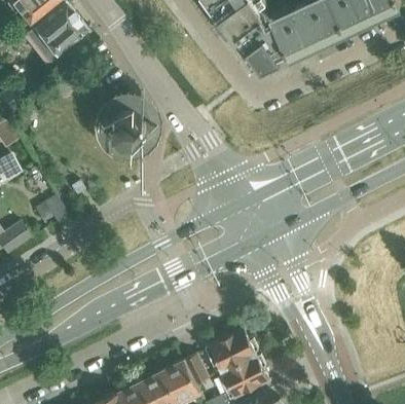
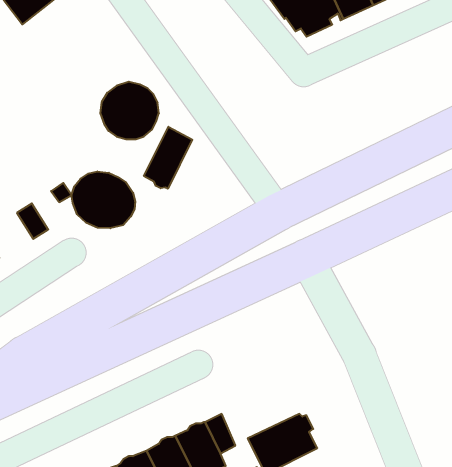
building: none -> [144,127,192,189]
building: none -> [72,171,135,228]
building: [205,328,258,372] -> none

